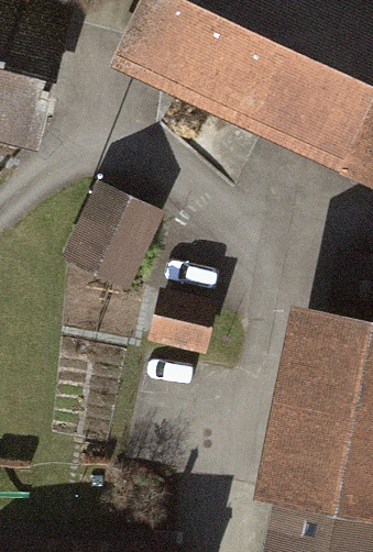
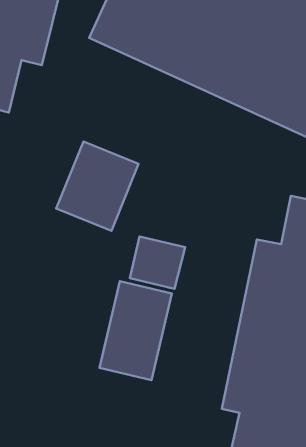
building: none -> [99,281,172,380]

